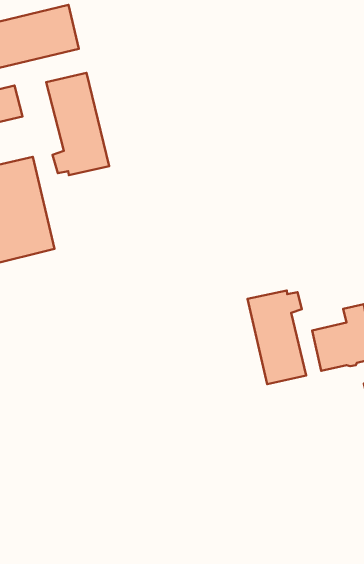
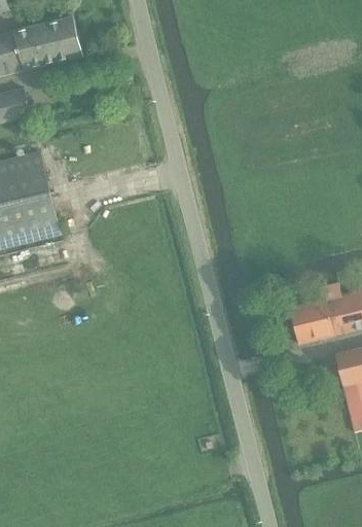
building: [46,73,109,175] -> none
building: [248,290,306,384] -> none

